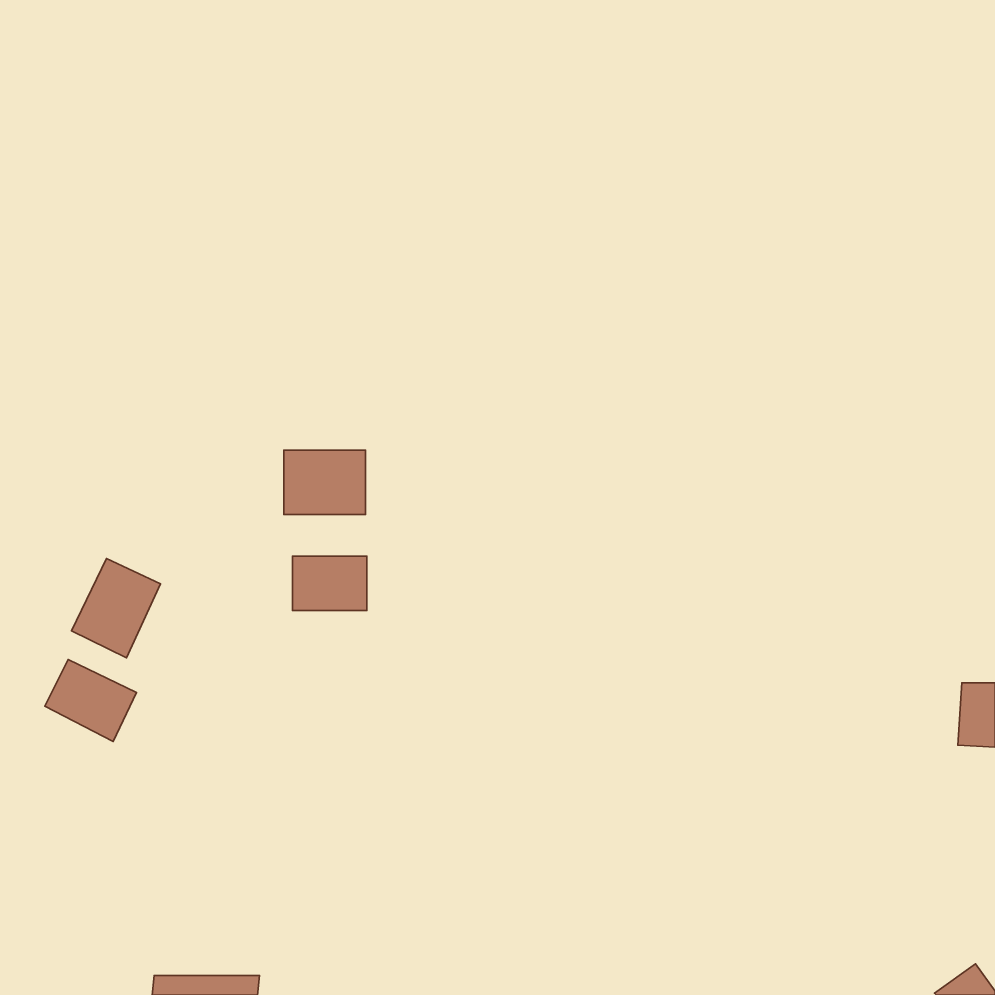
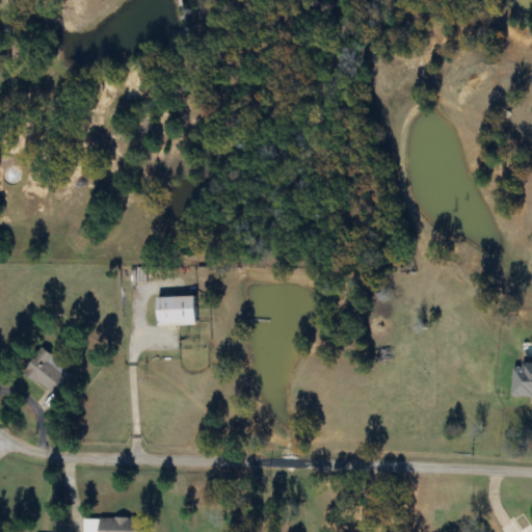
building: [284,450,365,515] -> none
building: [71,558,160,658] -> none

